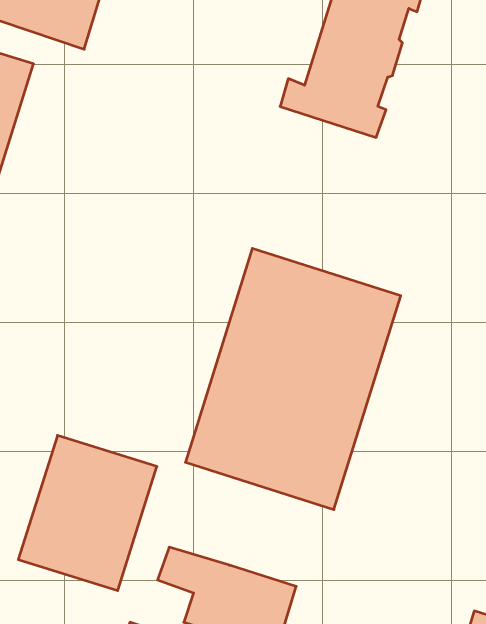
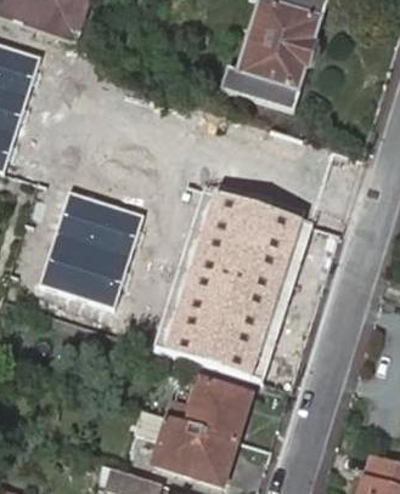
building: [18,435,157,591] -> [39,191,142,306]
building: none -> [186,382,250,439]

